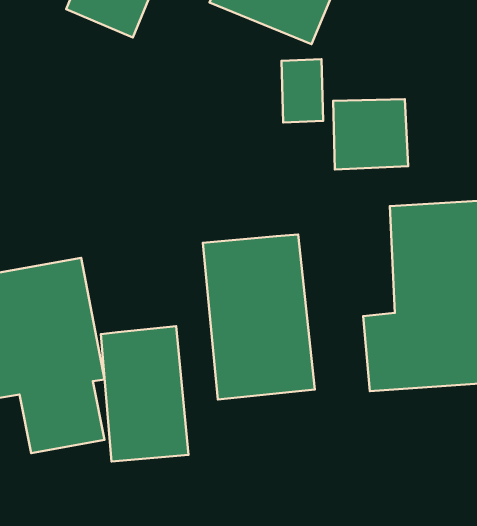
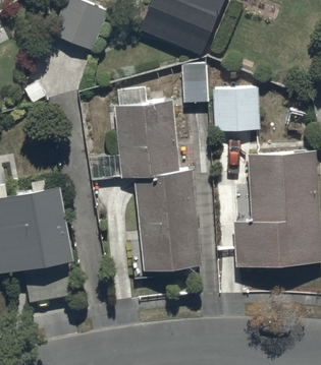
building: none -> [114,99,179,177]
building: [101,326,188,462] -> none

